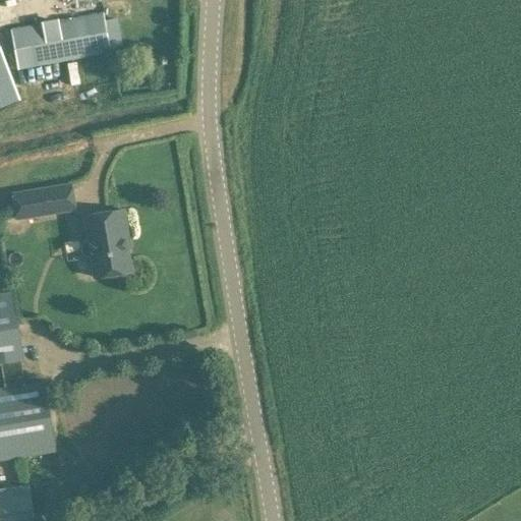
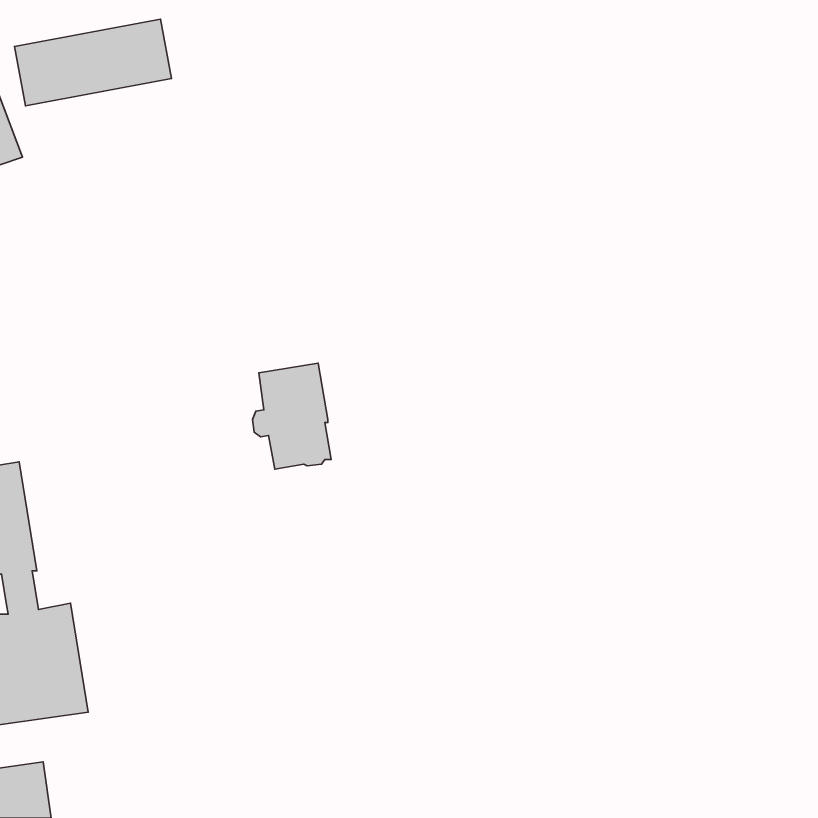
building: [12,185,74,219] -> none
building: [80,211,130,278] -> [253,363,331,469]

